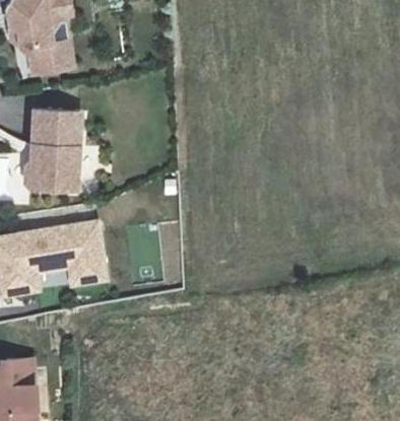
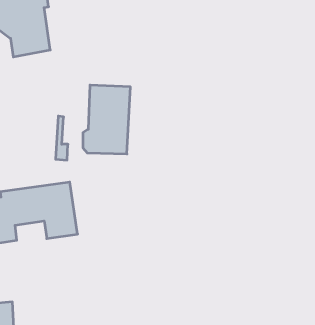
building: [24,111,79,190] -> [83,85,130,154]

